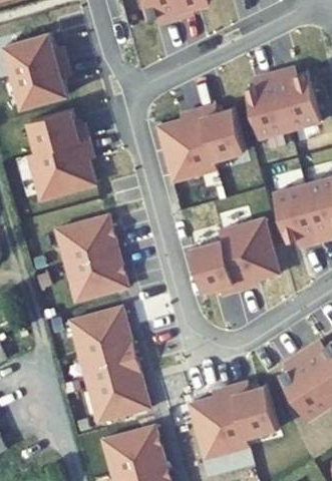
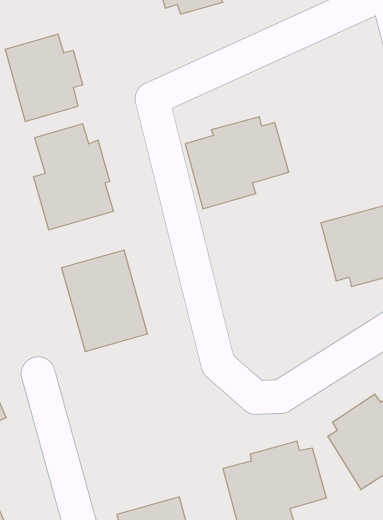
building: [246,68,321,139] -> none
building: [193,219,281,298] -> none
building: [68,309,148,423] -> none

